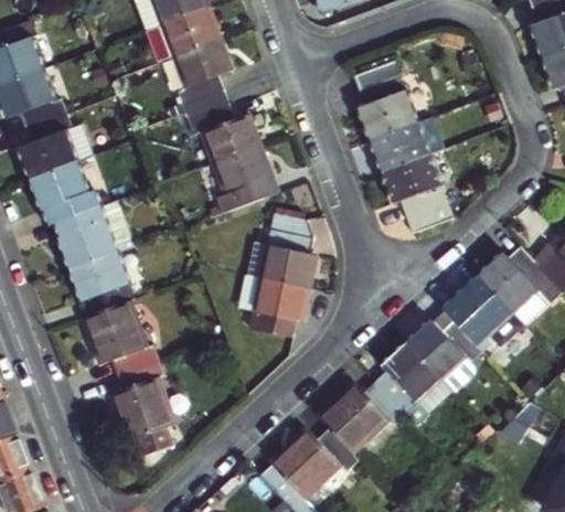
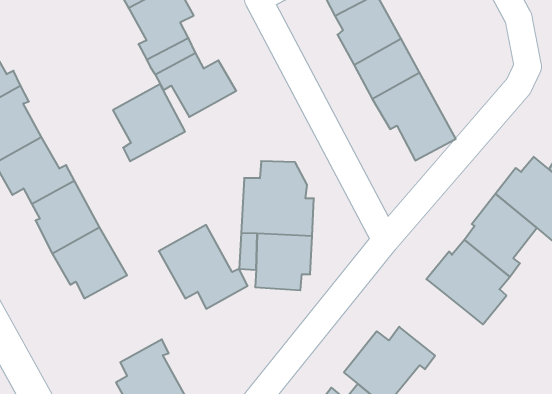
building: [213,146,276,212] -> [113,84,185,161]
building: [83,301,159,377] -> [159,225,248,309]
building: [376,342,441,413] -> none

